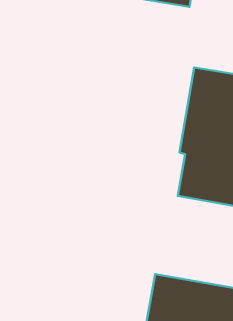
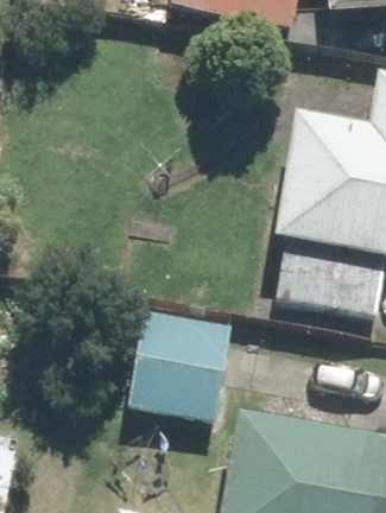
building: none -> [125,310,228,418]

